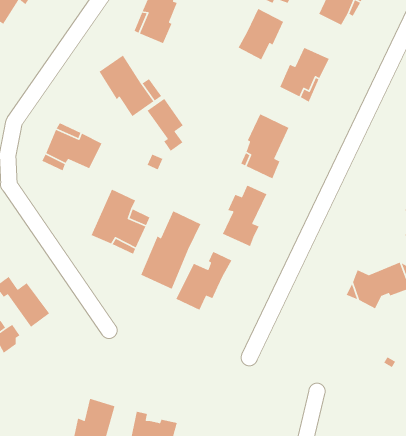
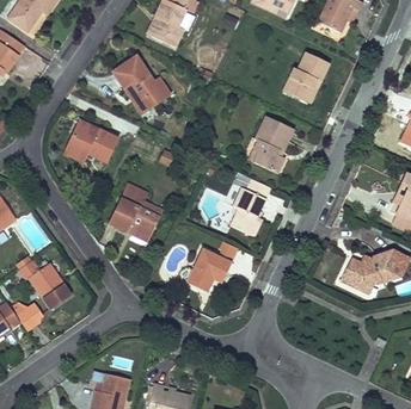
building: [238,8,284,60] -> none
building: [146,98,184,152] -> none
building: [140,210,201,290] -> none

